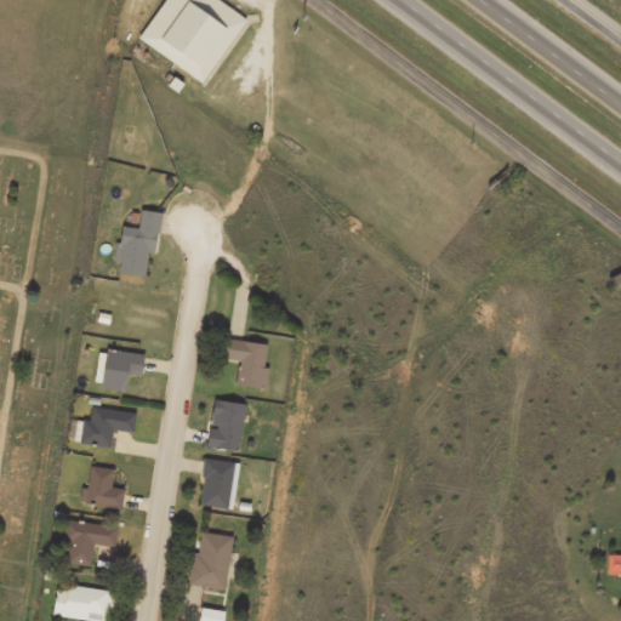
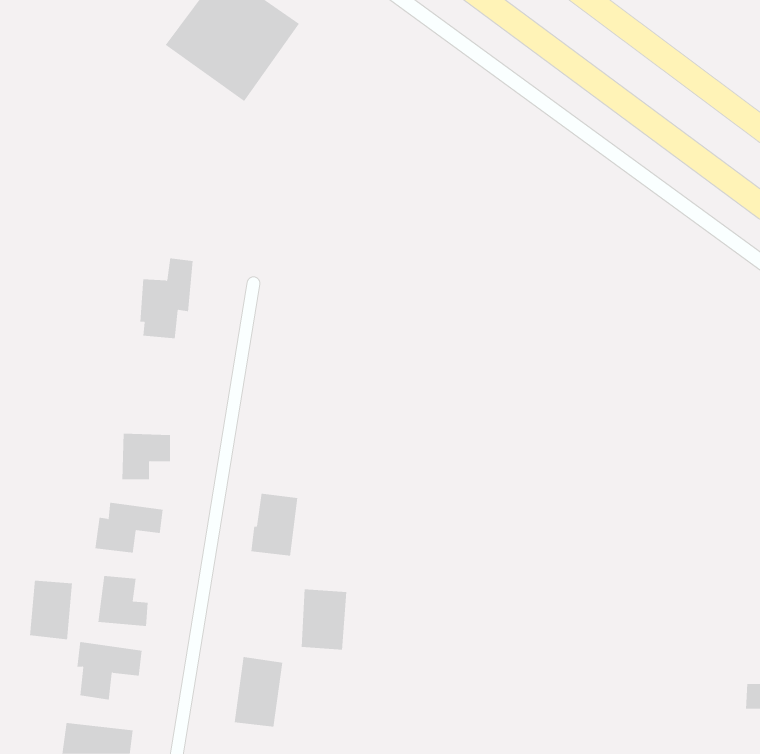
building: [224,337,270,388] -> none
building: [203,458,240,508] -> [301,589,347,650]
building: none -> [29,580,73,640]

